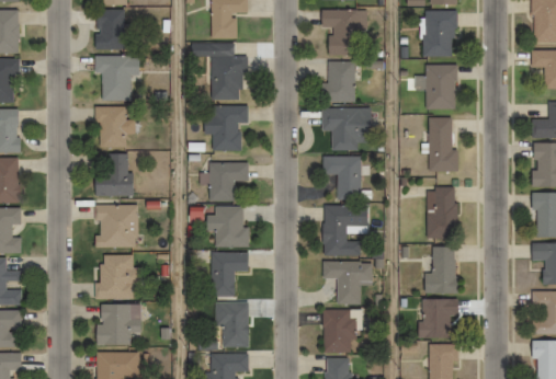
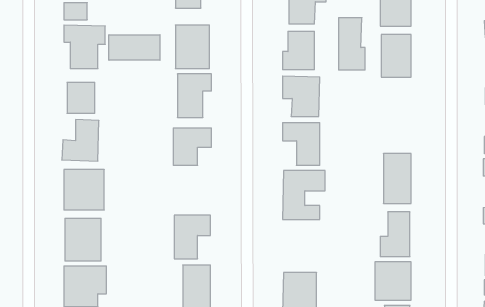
building: none -> [109,35,160,60]
building: [429,118,456,172] -> [339,18,365,70]
building: [216,207,249,246] -> none
building: [322,262,373,305] -> none

